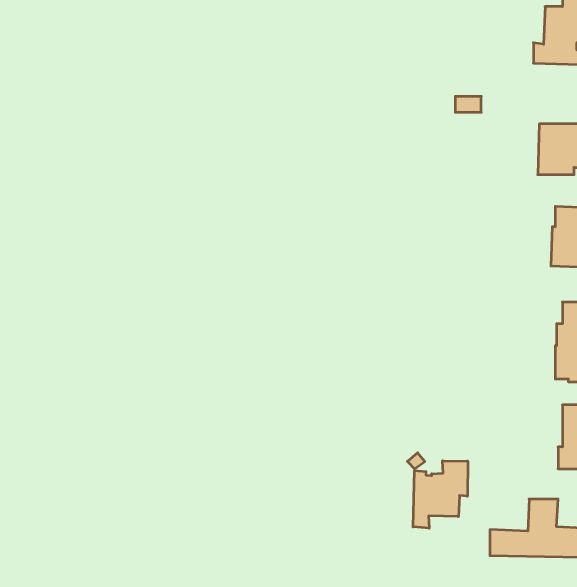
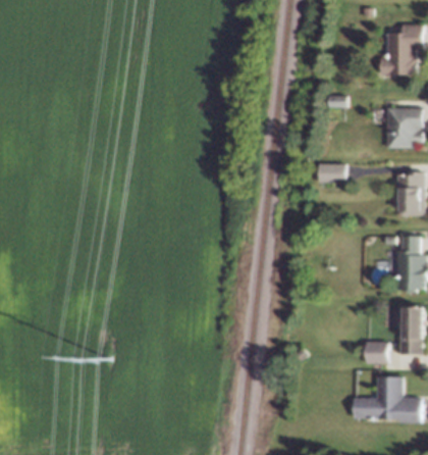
building: none -> [318,160,344,180]
building: none -> [366,339,388,361]
building: [413,461,468,528] -> none

